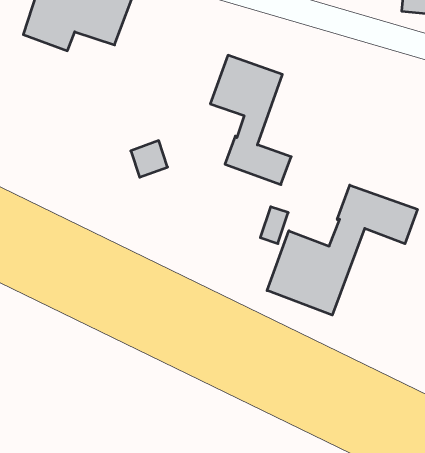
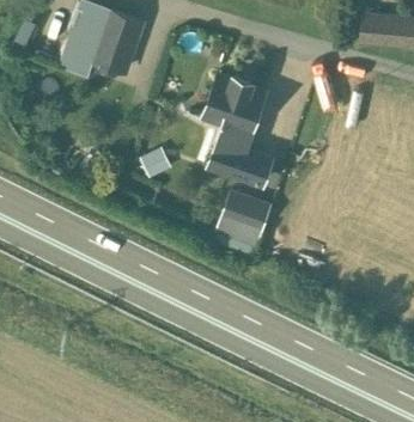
building: [267,185,417,315] -> none
building: none -> [220,192,254,226]

